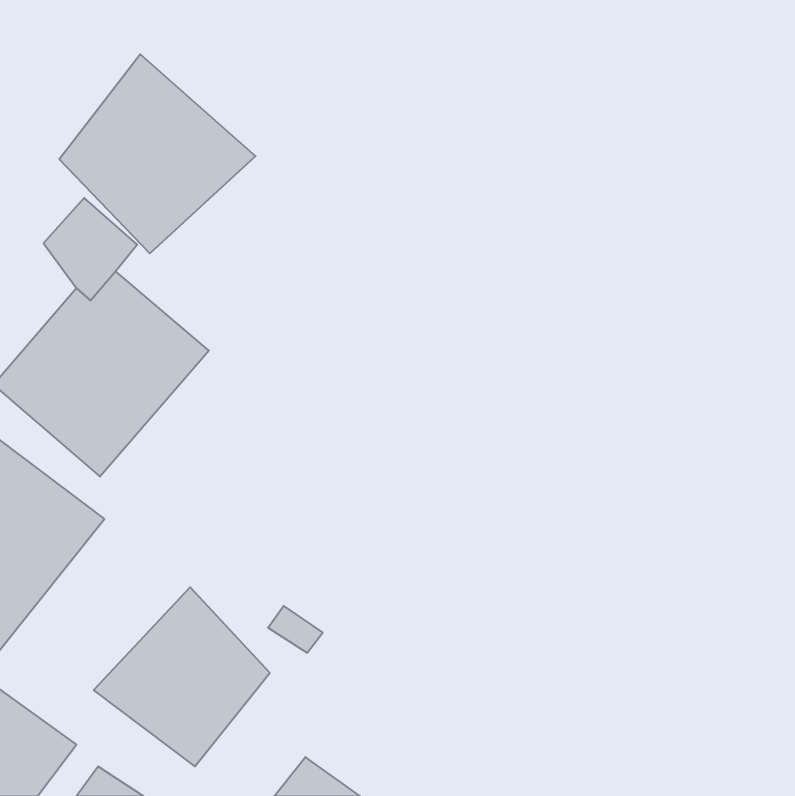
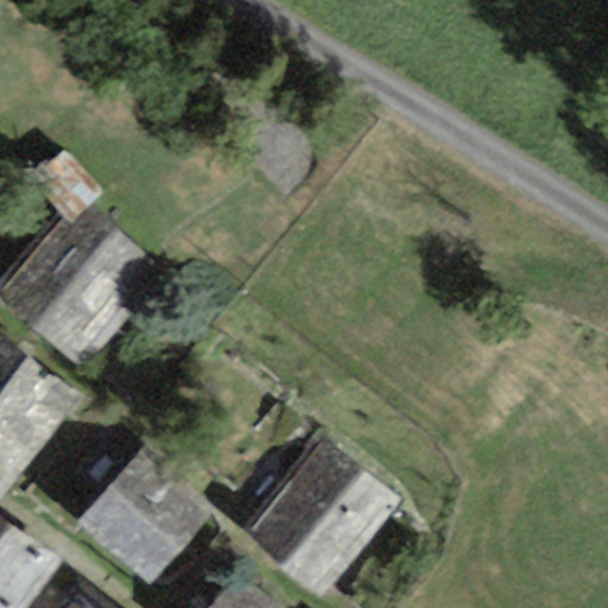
building: [59,54,256,253] -> none
building: none -> [245,439,398,596]

